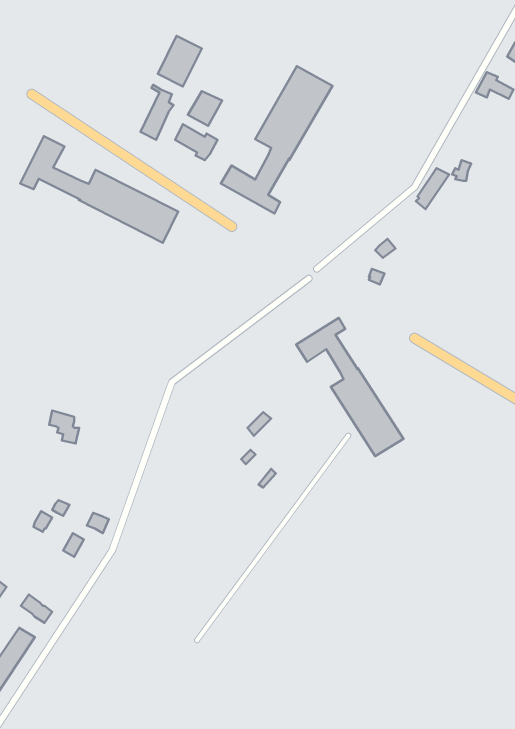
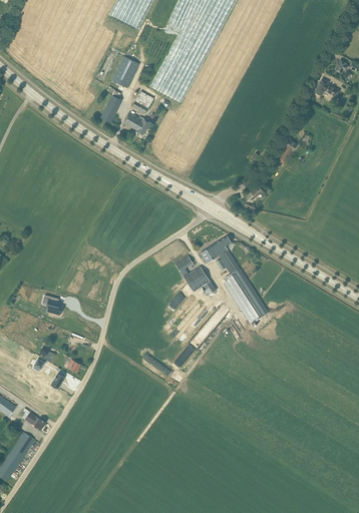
building: [221,66,332,214] -> none
building: [20,136,178,243] -> none
building: none -> [174,255,221,302]

